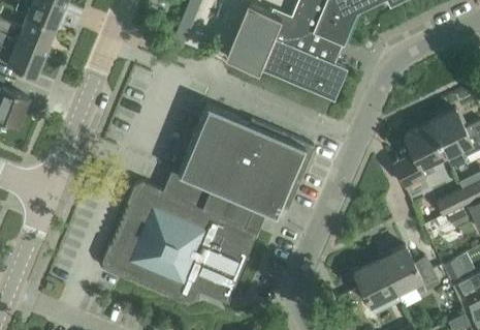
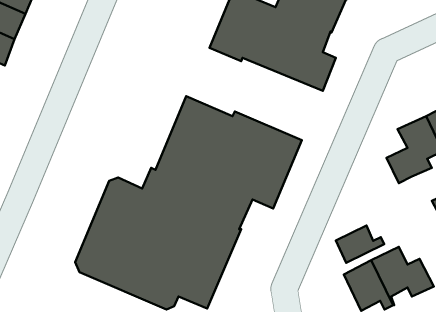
building: none -> [336,226,384,263]

